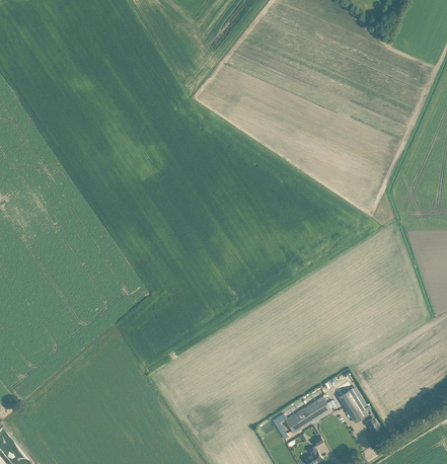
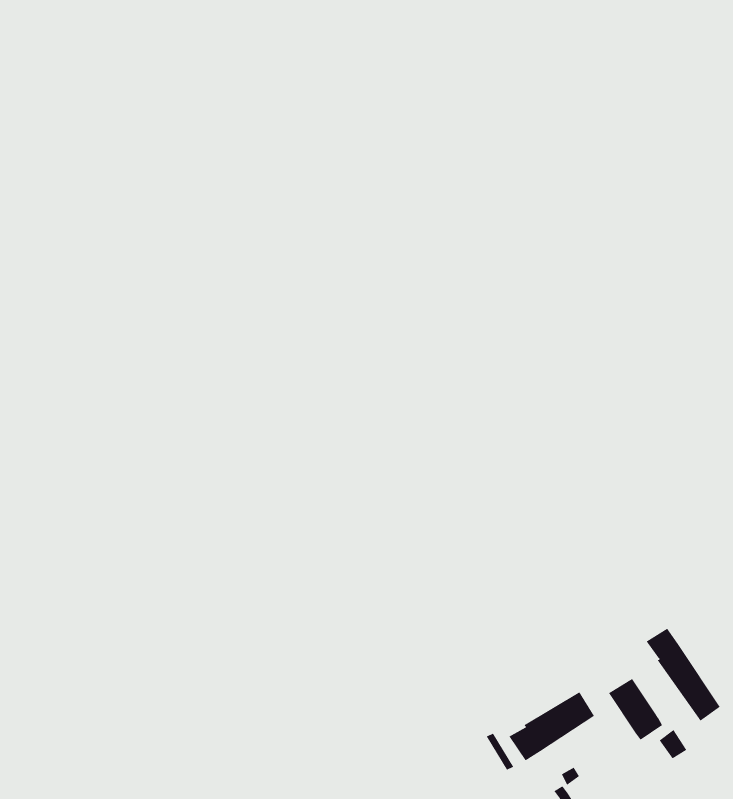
building: none -> [646,628,720,721]

